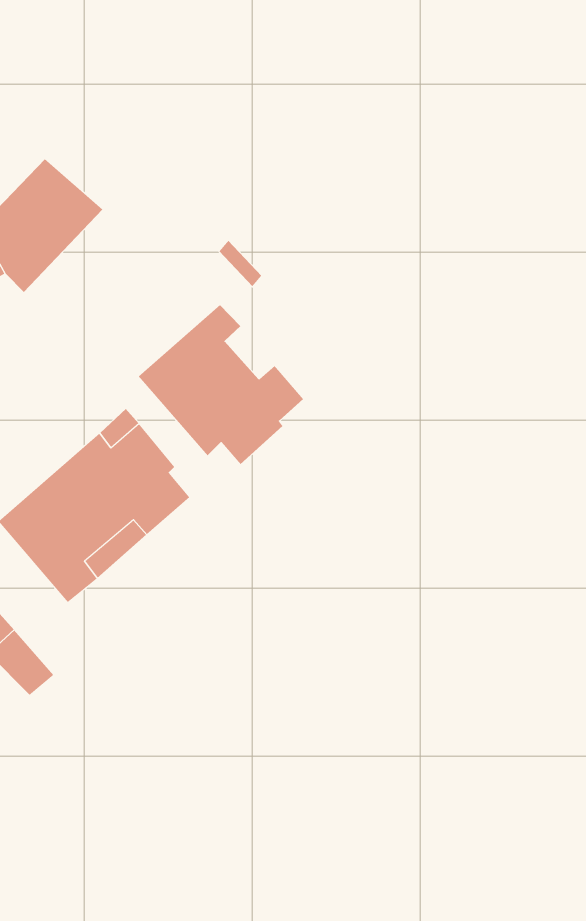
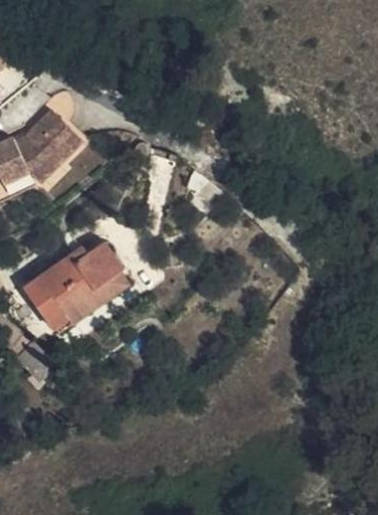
building: [138,304,304,465] -> none

